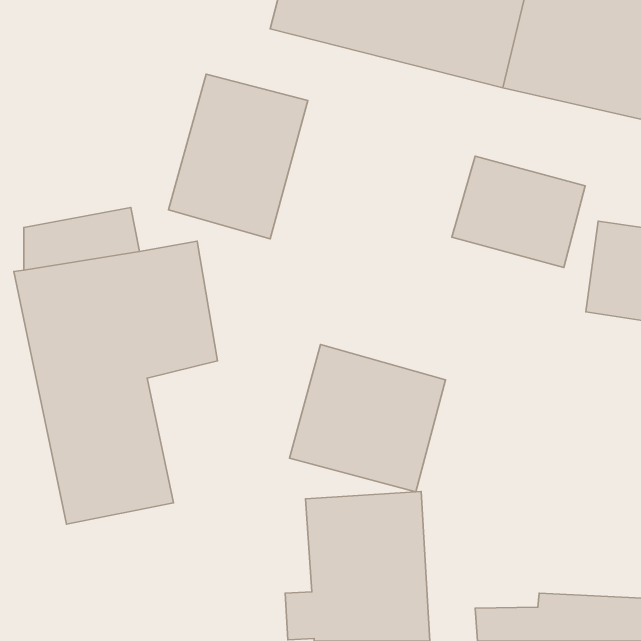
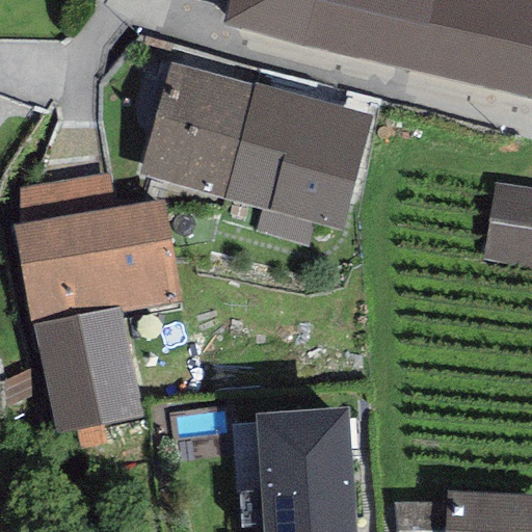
building: none -> [224,83,372,243]
building: [452,156,585,268] -> none
building: [289,345,445,492] -> none

